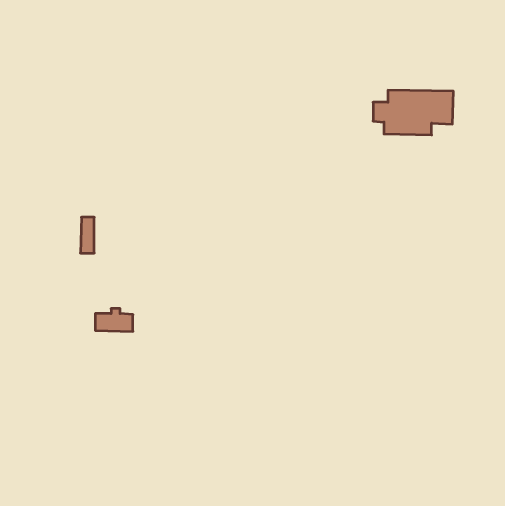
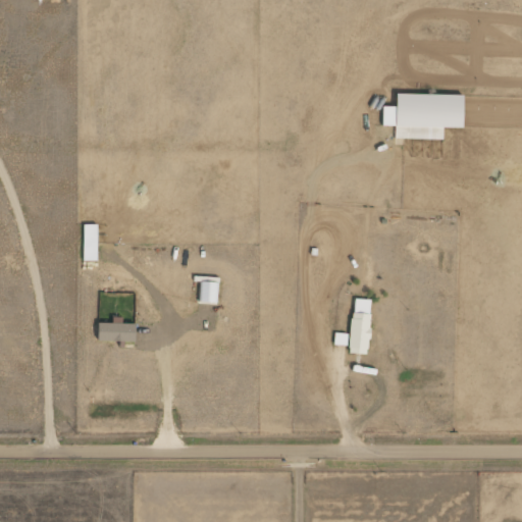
building: none -> [199,280,218,302]
building: none -> [350,298,372,354]

